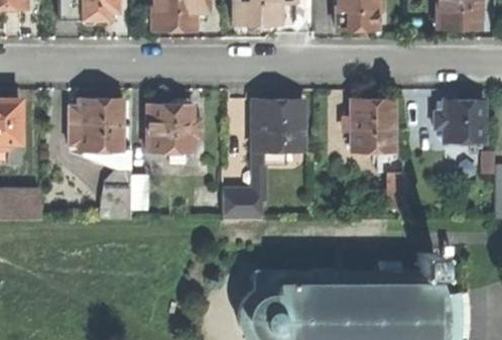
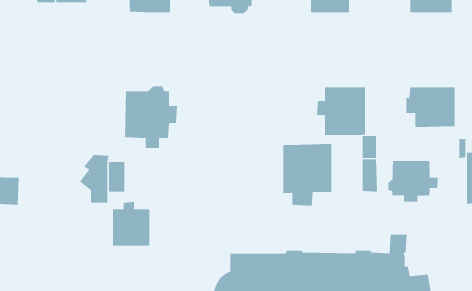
building: [70,100,123,150] -> none
building: [253,100,303,163] -> [283,144,332,206]
building: none -> [388,160,438,203]
building: [224,188,261,219] -> none
building: none -> [112,201,150,247]

